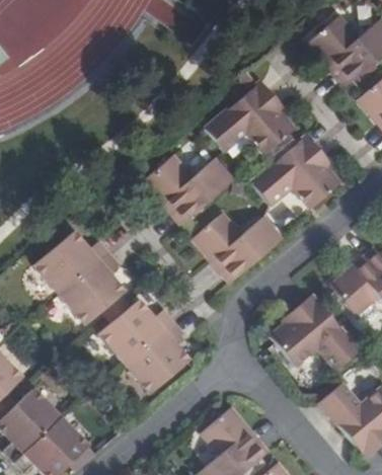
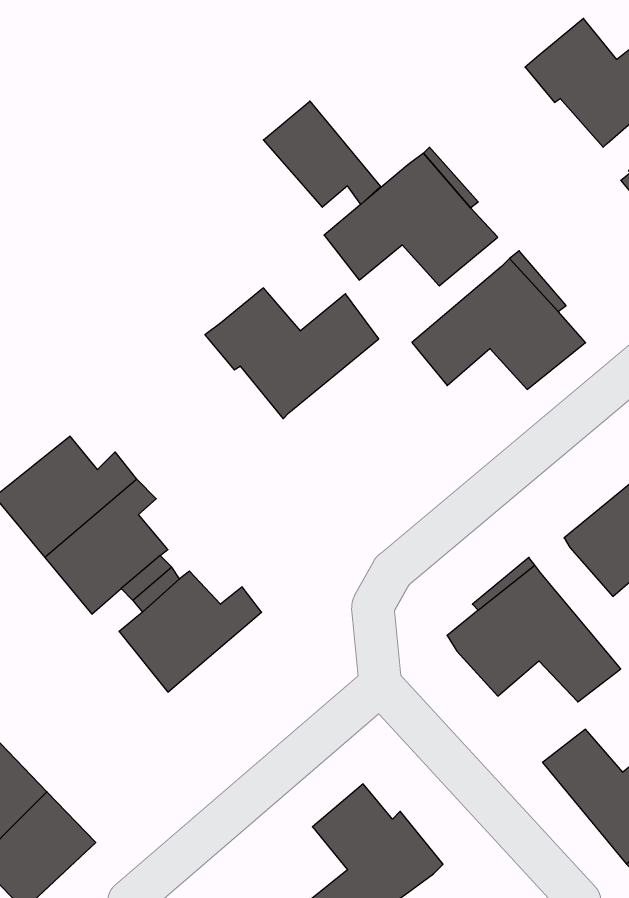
building: none -> [263,101,380,207]
building: [194,213,283,280] -> none
building: [125,323,186,392] -> none

